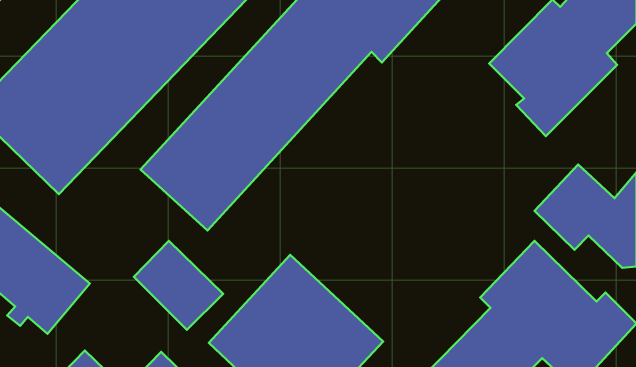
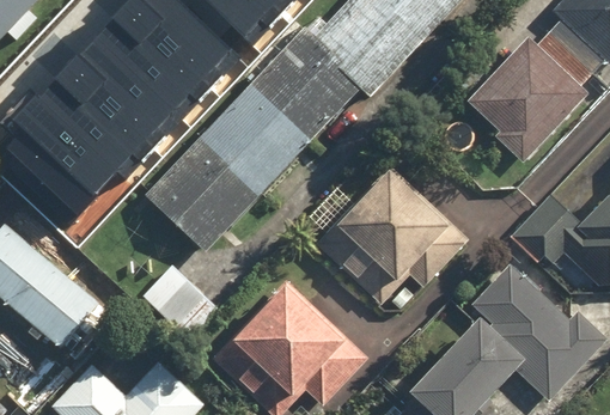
building: none -> [311,161,472,322]

